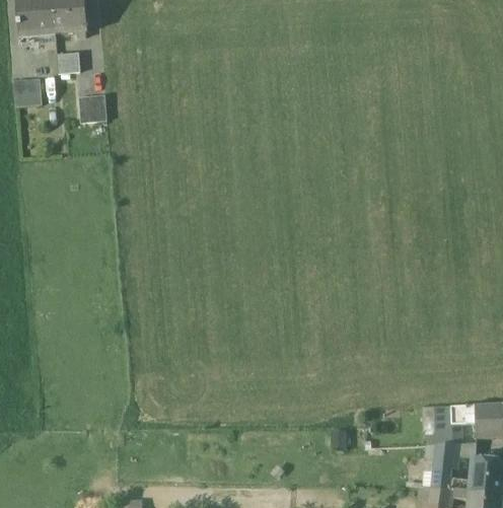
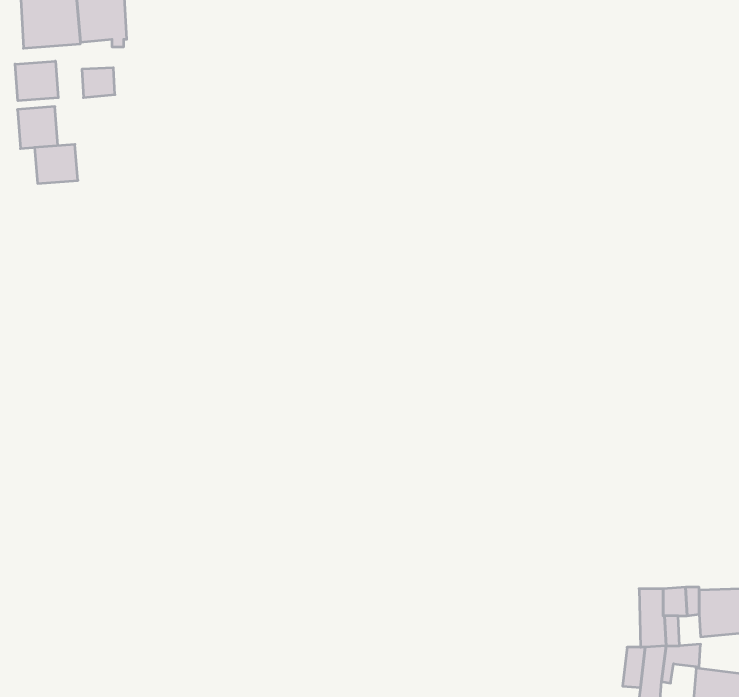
building: none -> [15,61,58,101]
building: [78,94,107,121] -> [35,144,78,183]

